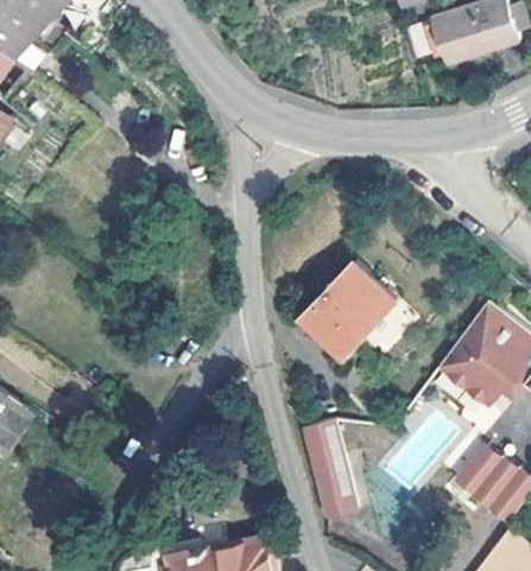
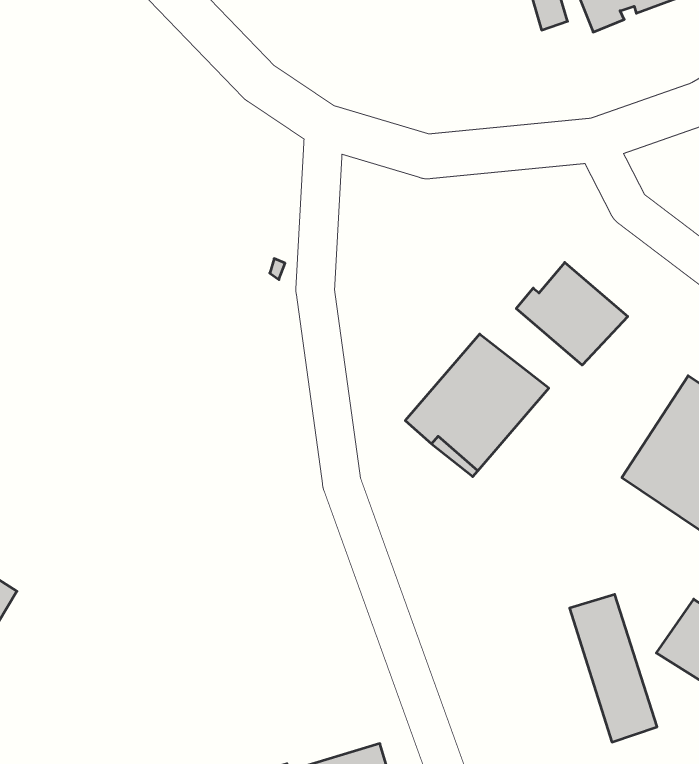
building: none -> [516,262,628,365]
building: [304,418,358,516] -> [570,594,657,742]

